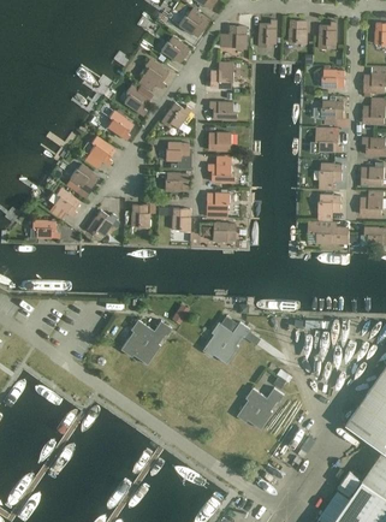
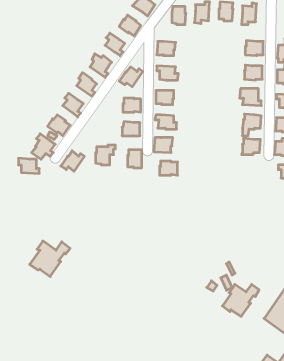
building: [307,224,346,245] -> none
building: [119,319,171,364] -> [30,241,70,277]
building: [202,321,249,363] -> none
building: [236,387,283,428] -> [222,284,259,316]

